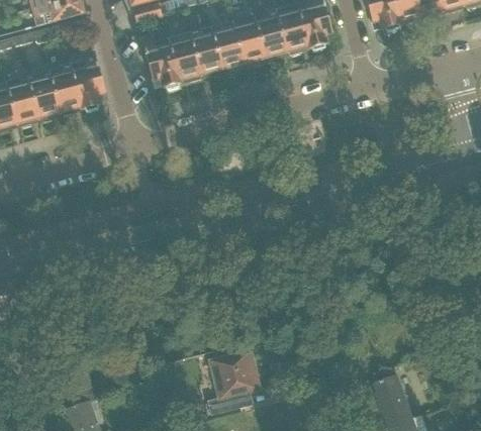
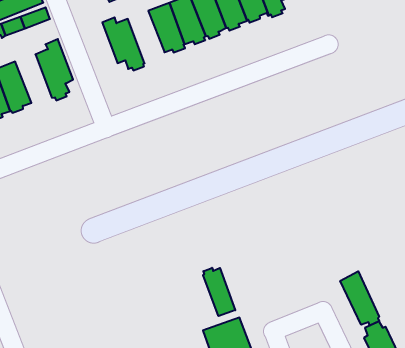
building: [167,29,200,82] -> none
building: [49,62,82,113] -> none
building: none -> [203,268,235,316]
building: none -> [340,271,379,326]

